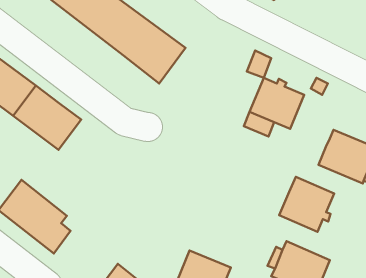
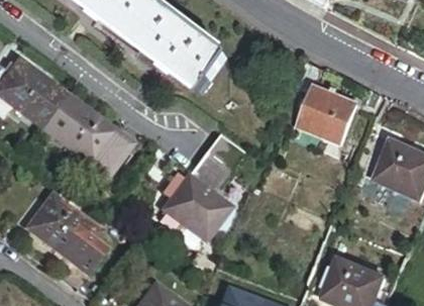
building: none -> [93,132,133,177]
building: none -> [164,136,241,240]
building: [279,177,334,232] -> none

